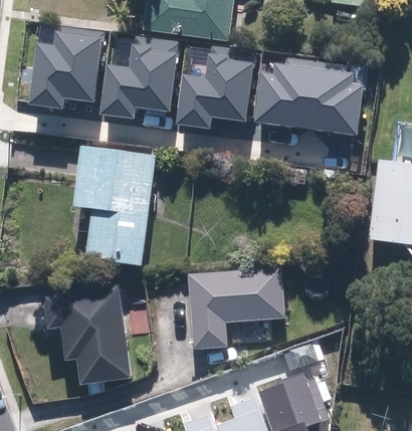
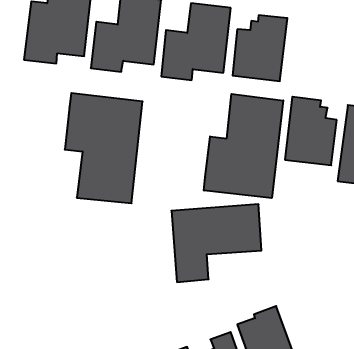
building: [305,63,362,138] -> [285,97,337,165]
building: none -> [204,94,283,198]
building: [42,283,131,383] -> none

